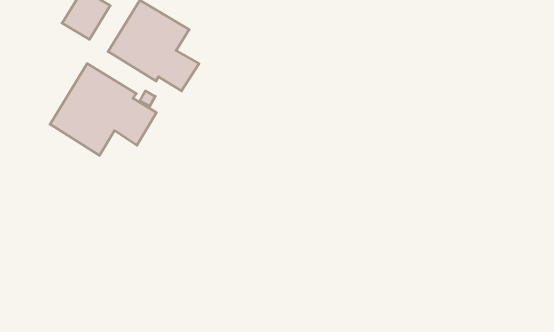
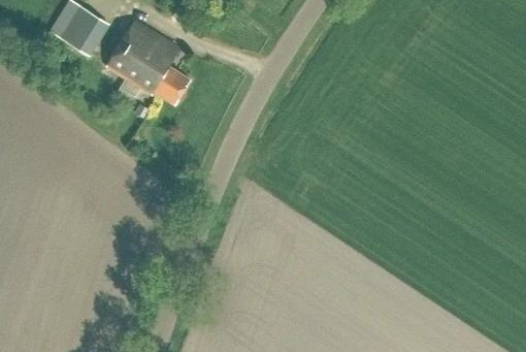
building: [50,64,156,155] -> none

